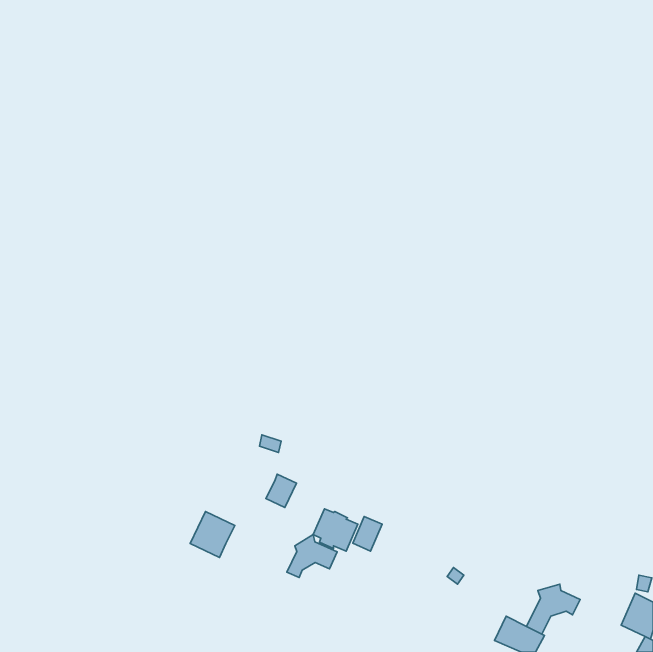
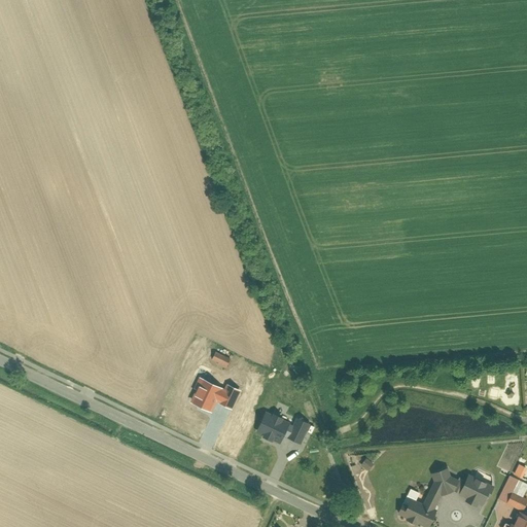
building: [190,512,235,558] -> [185,376,221,413]
building: [287,534,337,578] -> none
building: none -> [461,475,496,510]

